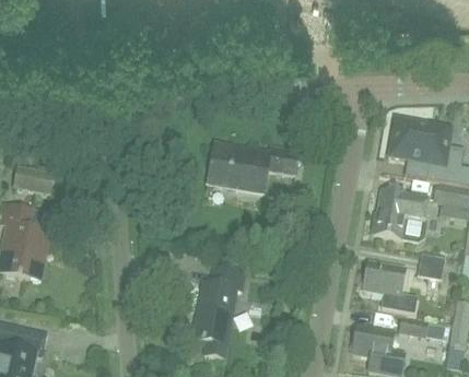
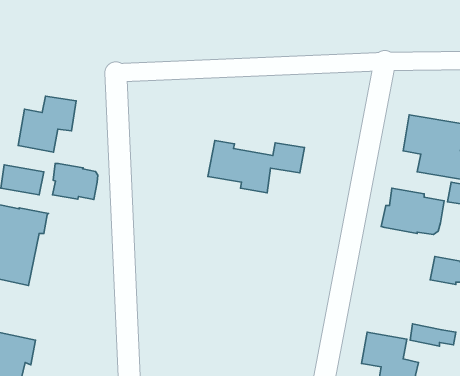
building: none -> [18,96,76,152]
building: none -> [53,163,98,199]
building: [363,260,418,313] -> none
building: [191,267,244,360] -> none

